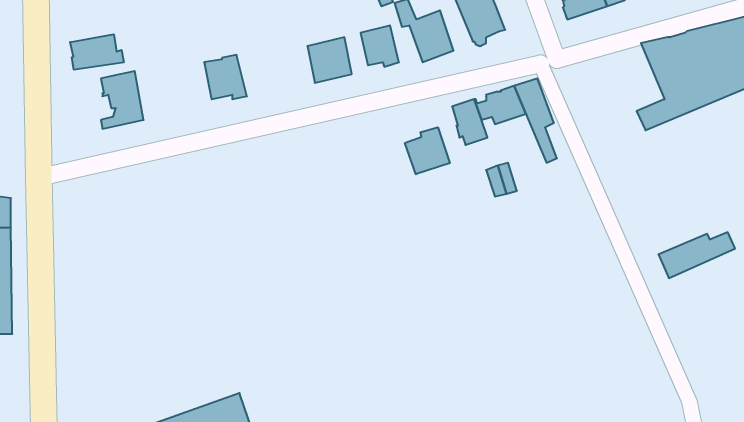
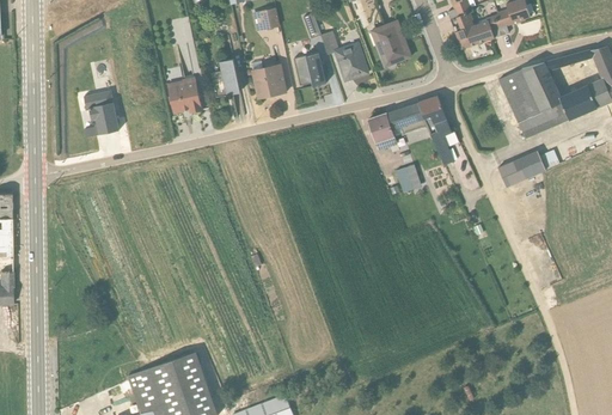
building: none -> [212,59,240,97]
building: [70,34,124,70] -> none
building: none -> [498,67,540,122]
building: [405,127,450,174] -> none
building: [658,232,735,278] -> [497,149,559,187]

